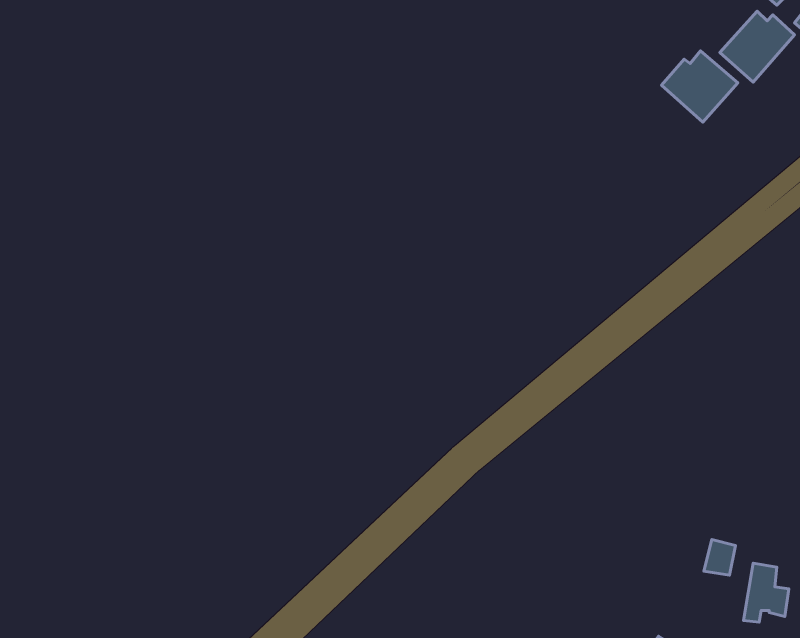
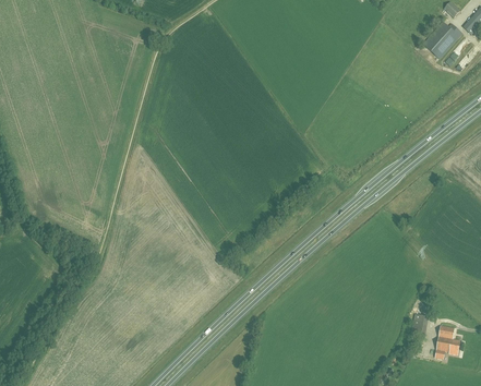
building: [662,51,738,122] -> none

